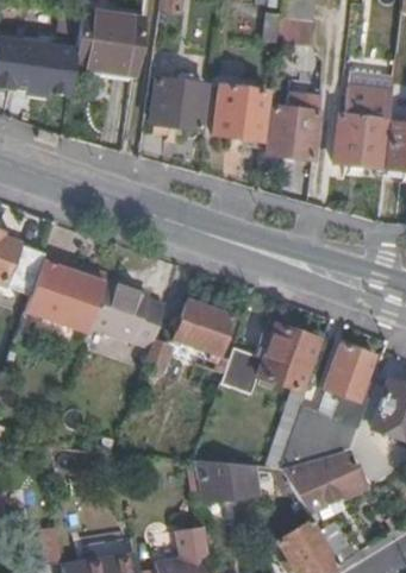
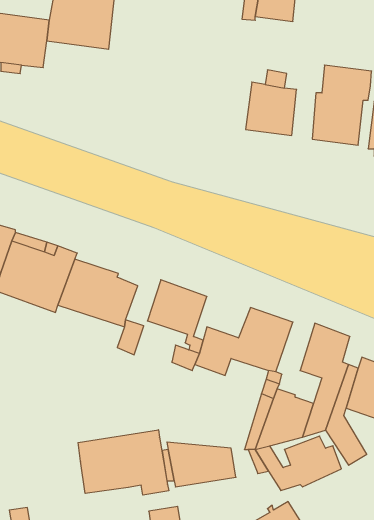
building: [150,73,207,132] -> none
building: [213,80,269,141] -> none
building: none -> [78,430,169,495]

